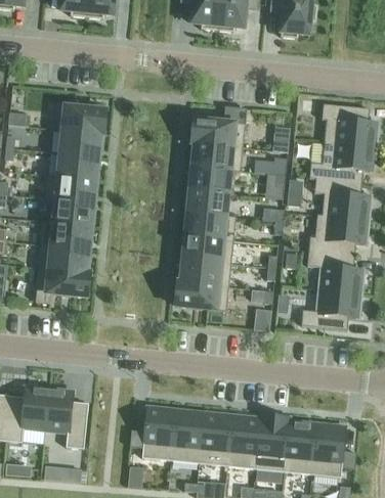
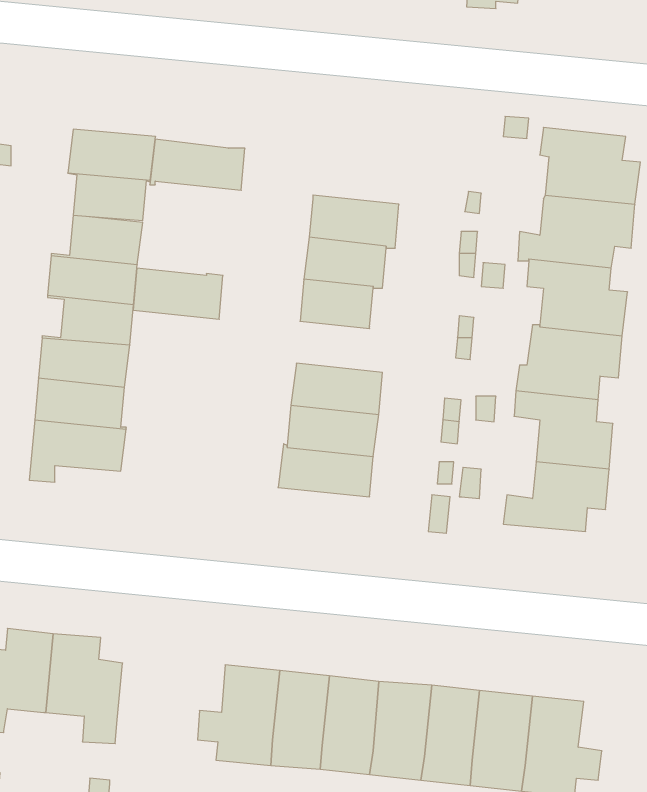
building: [191,118,245,146] -> [150,139,245,190]
building: [185,212,236,240] -> [133,268,223,319]

